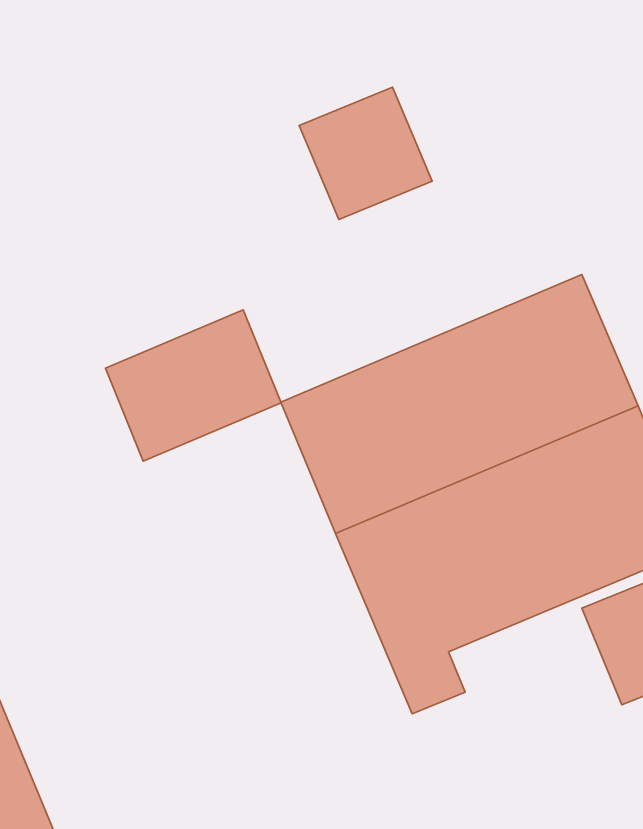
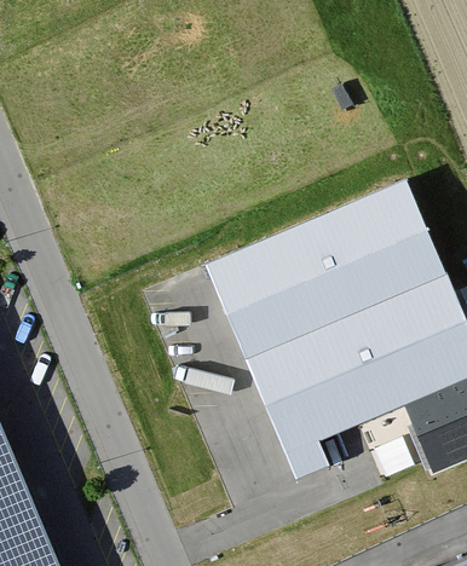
building: [299,87,432,220] -> none
building: [105,310,281,461] -> none

